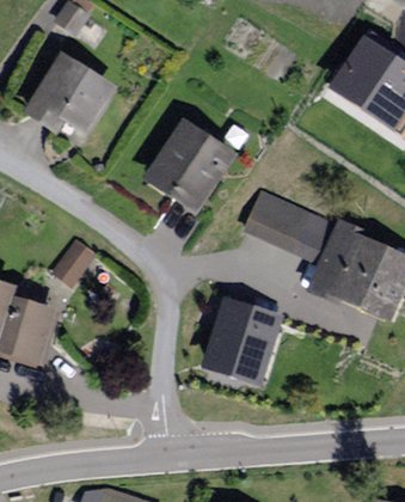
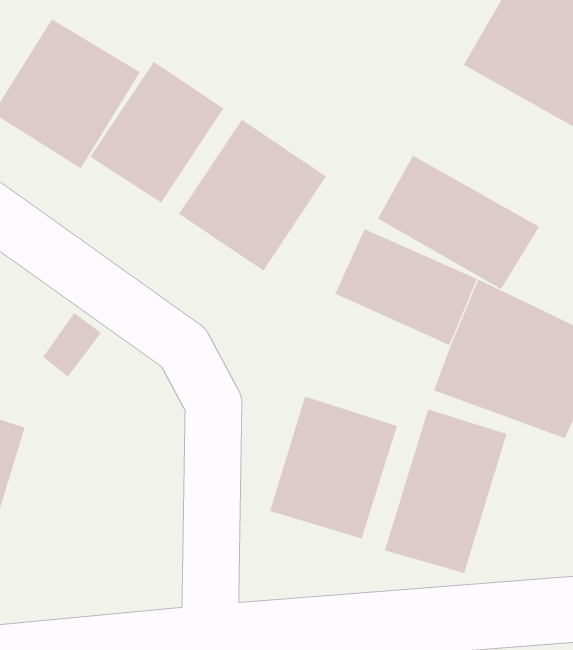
building: none -> [90,61,224,204]
building: none -> [377,155,540,290]
building: none -> [384,408,507,574]

